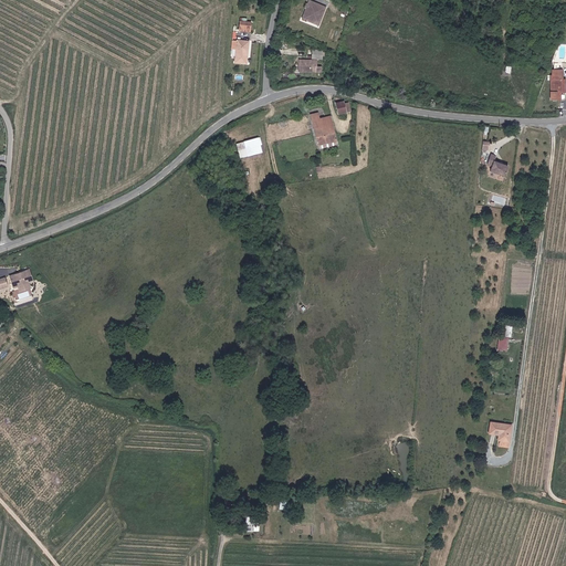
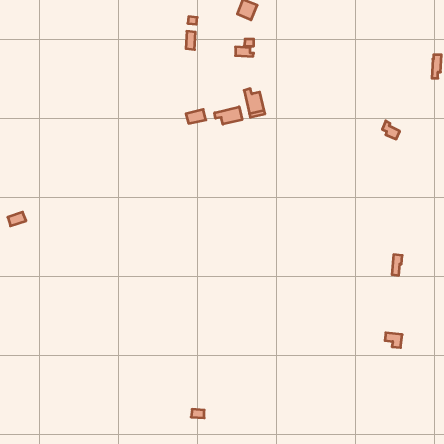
building: none -> [215,107,242,124]

